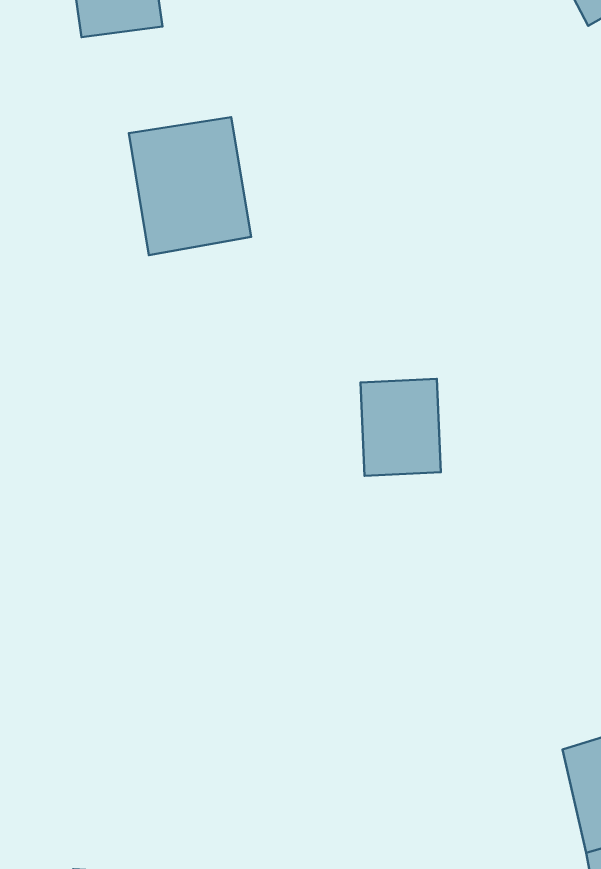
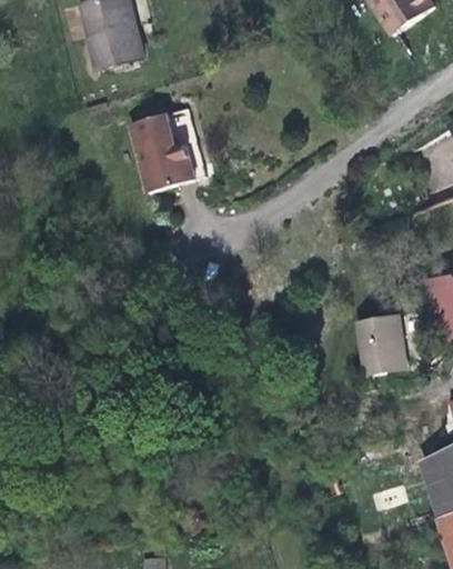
building: [361,379,441,476] -> [355,312,407,373]

